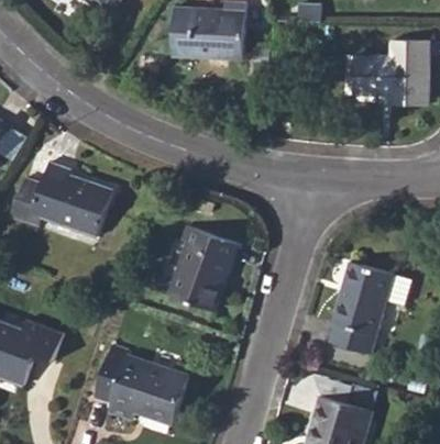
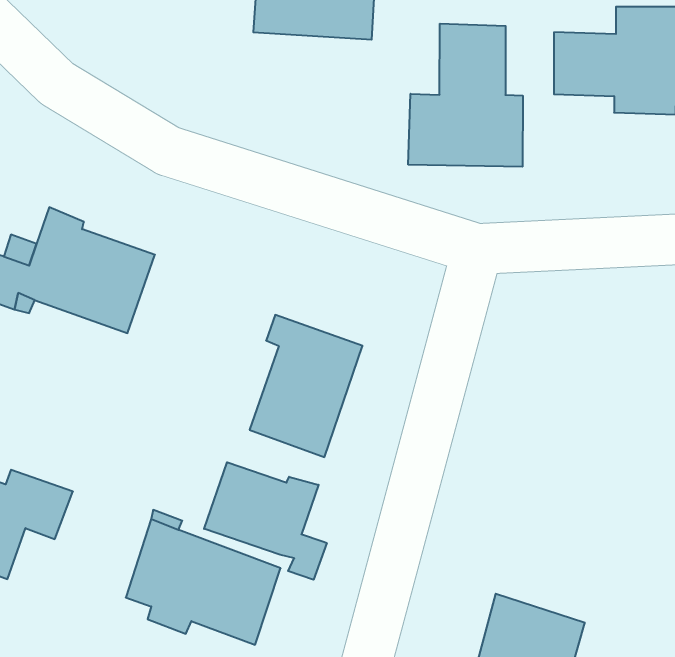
building: none -> [408,24,523,167]
building: [332,260,394,354] -> none
building: none -> [204,462,327,580]

